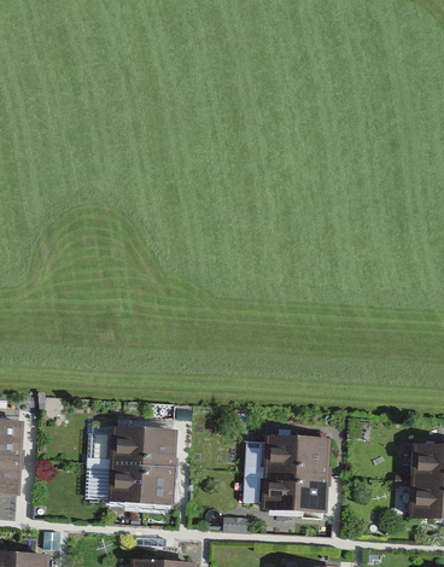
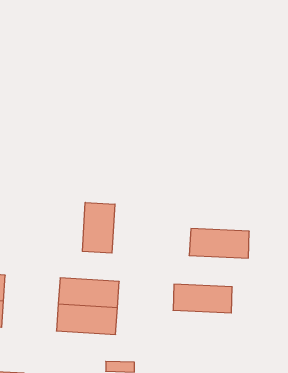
building: none -> [82,202,115,253]
building: [245,470,326,510] -> [189,229,249,258]

